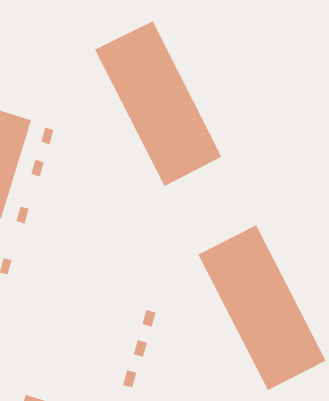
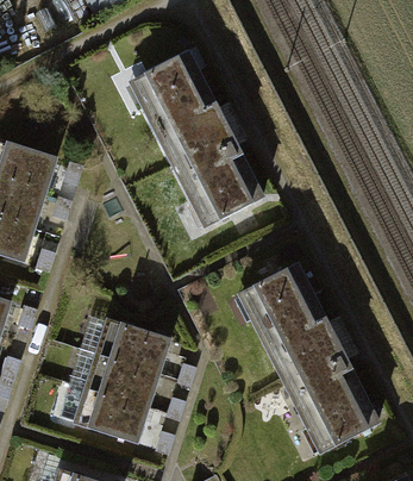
building: none -> [71,318,169,442]

